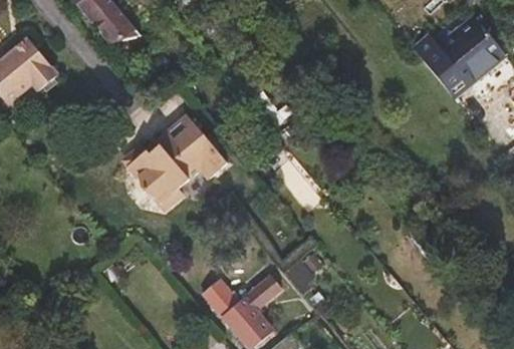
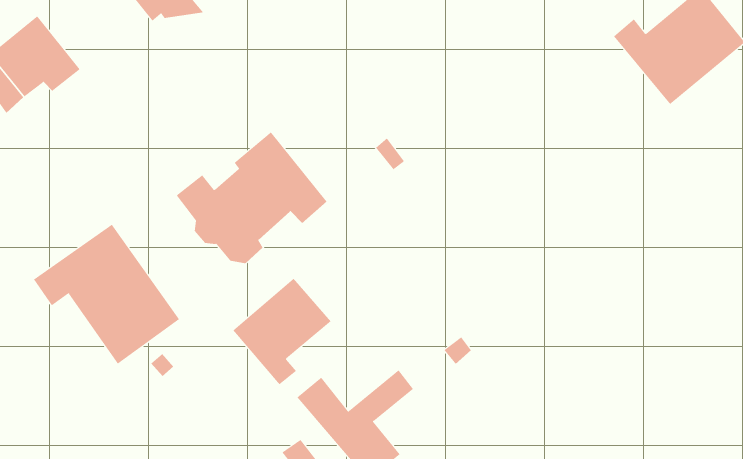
building: none -> [33,224,180,365]
building: none -> [232,278,332,385]

